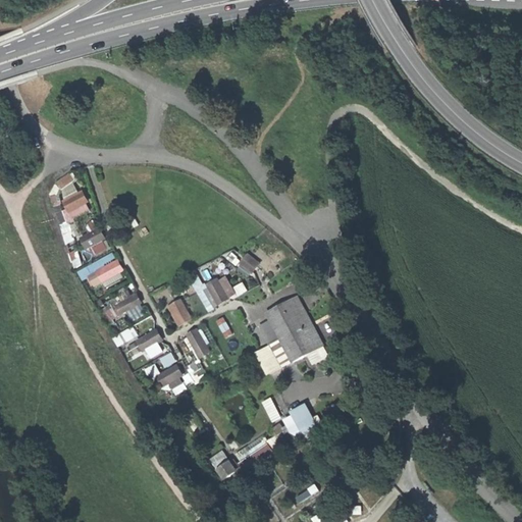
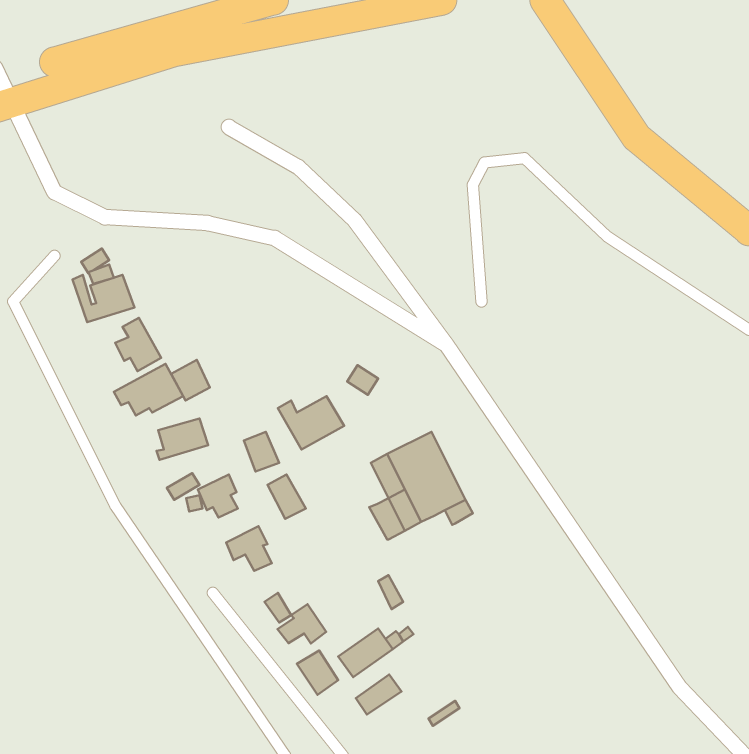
building: none -> [171,360,210,400]
building: [282,403,315,436] -> none
building: none -> [277,604,326,644]
building: none -> [356,675,402,714]

